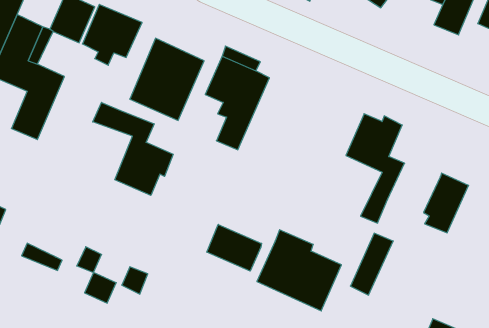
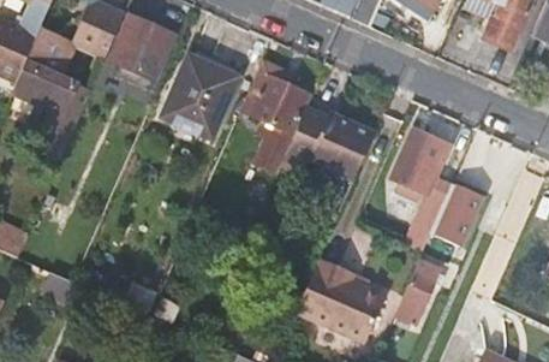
building: none -> [284,107,372,178]
building: [93,102,173,195] -> none
building: [424,173,469,233] -> [435,180,483,244]
building: [207,224,262,271] -> none

